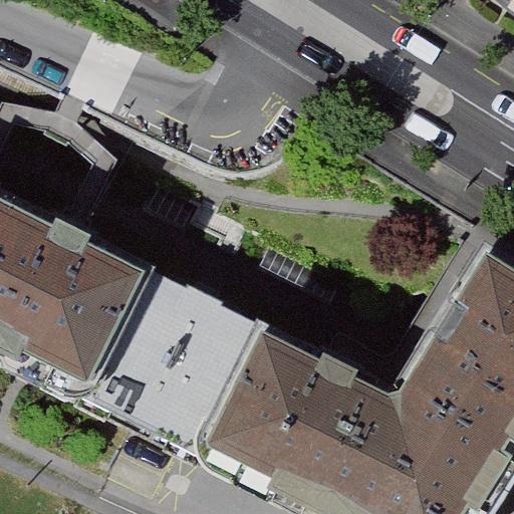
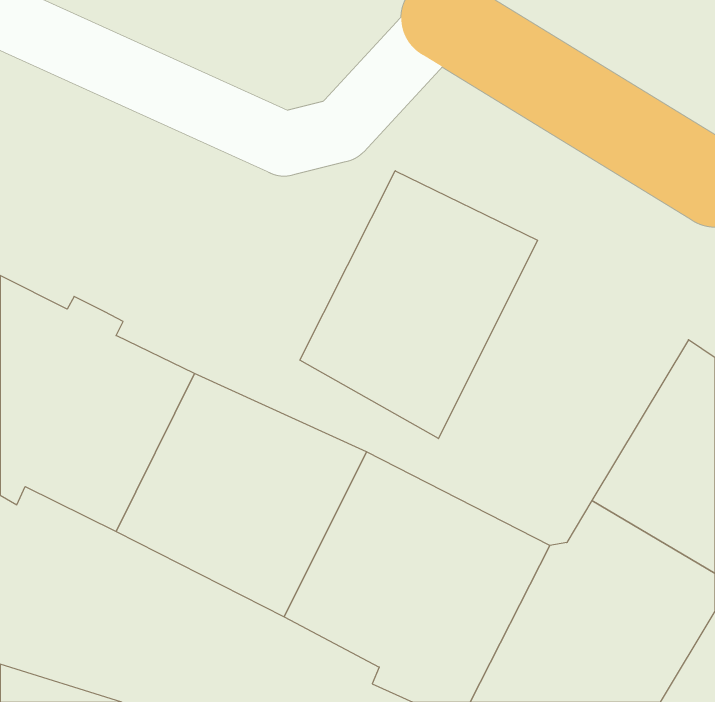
building: none -> [300,171,538,439]

